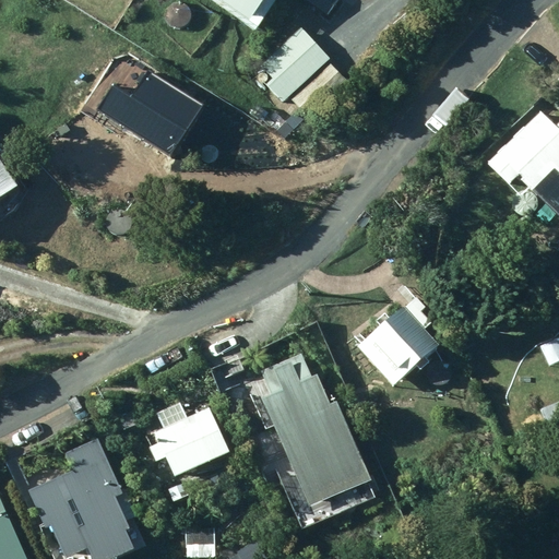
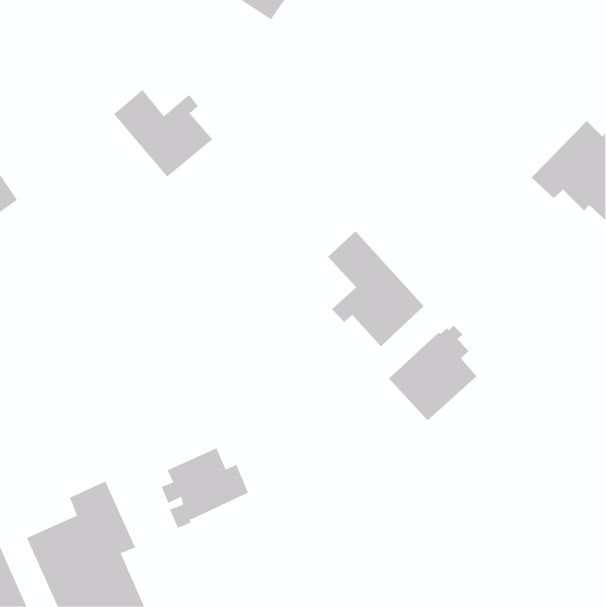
building: [259,26,329,102] -> none
building: none -> [327,231,424,347]
building: [261,353,371,507] -> none

